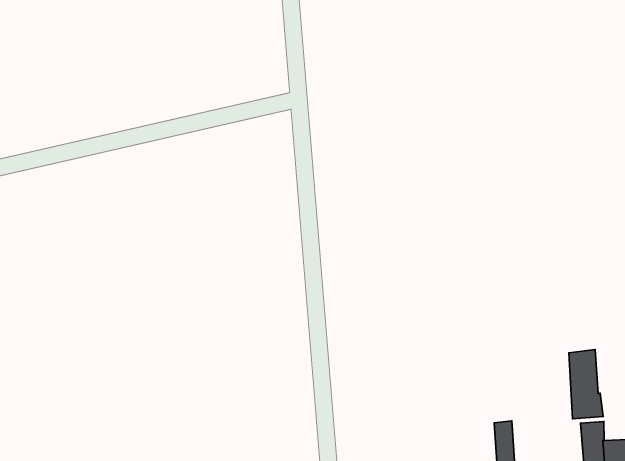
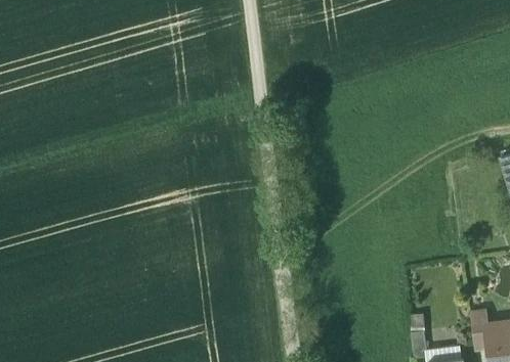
building: [569,350,603,419] -> none

